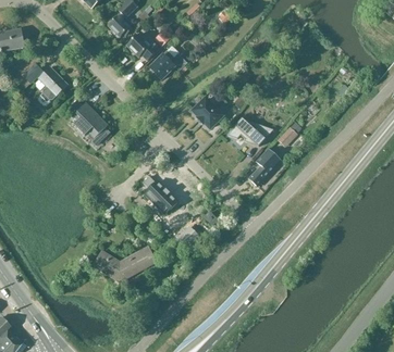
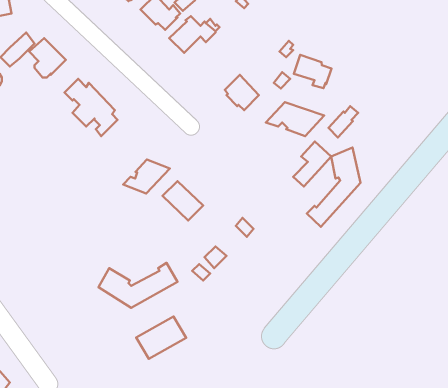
building: none -> [294,55,331,88]
building: none -> [307,148,361,227]
building: none -> [123,160,170,193]
building: none -> [136,316,186,359]

